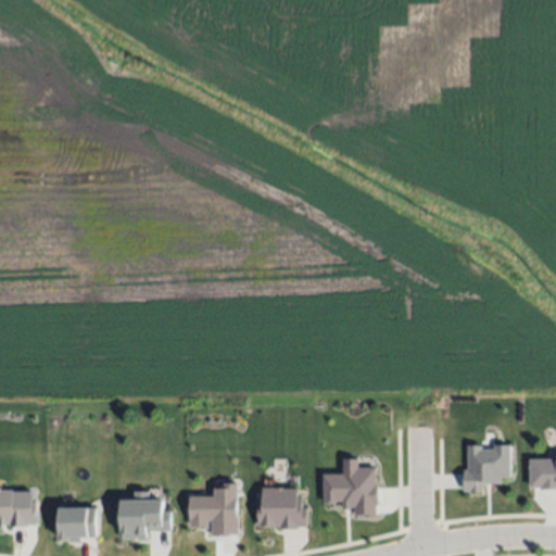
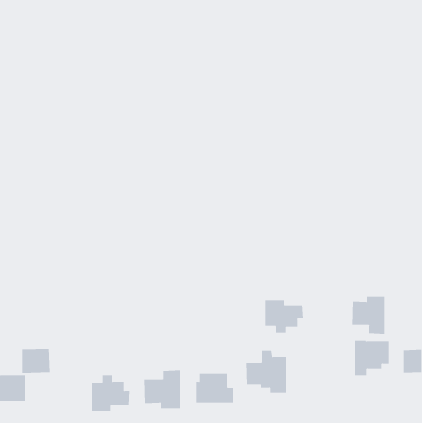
building: none -> [352,296,385,335]
building: none -> [265,299,303,334]
building: [58,507,96,540] -> [21,348,50,373]

